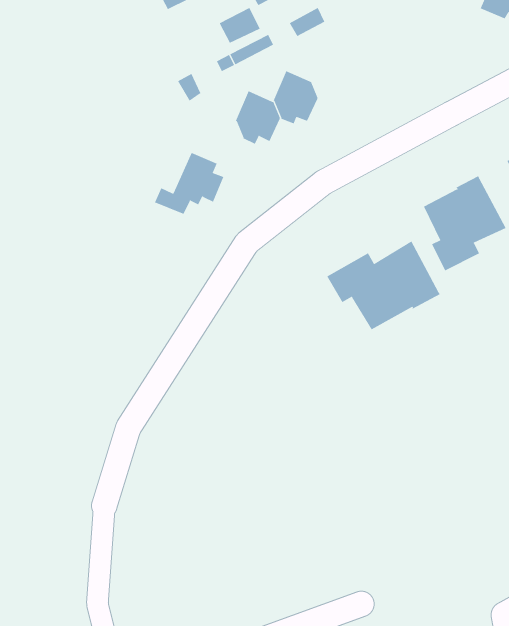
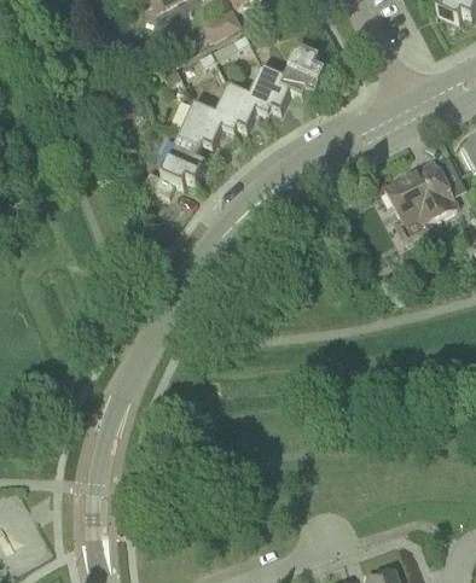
building: none -> [284,46,325,94]
building: none -> [176,100,222,147]
building: [326,240,440,330] -> none

